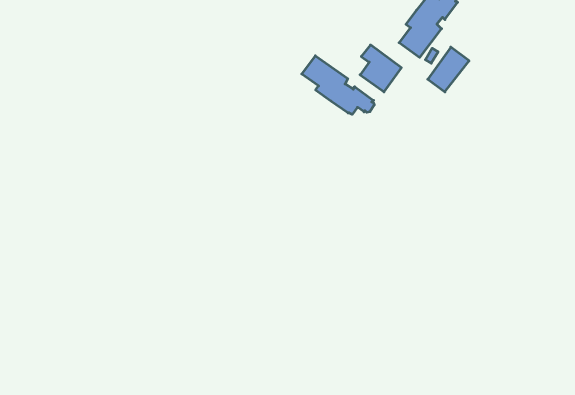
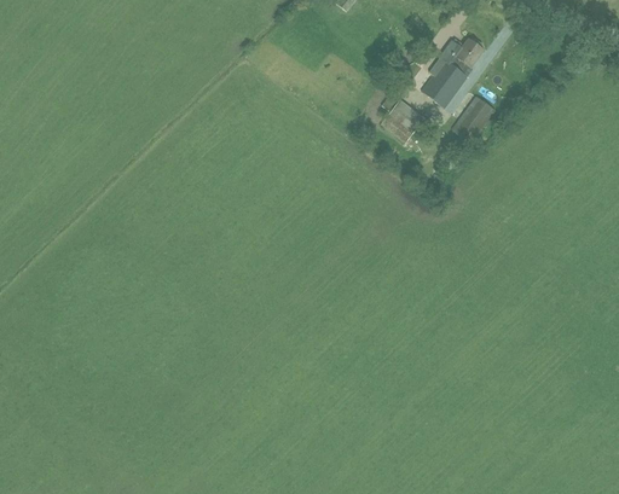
building: [302,56,374,114] -> none

